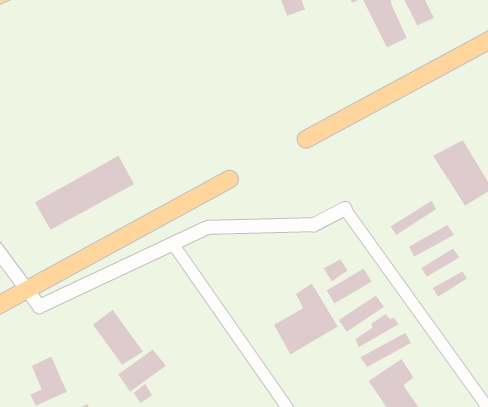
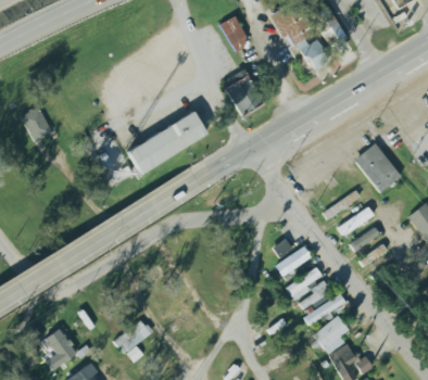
building: none -> [224,71,265,118]
building: none -> [21,105,52,141]
building: [34,155,135,231] -> [126,111,205,174]
building: [273,282,339,356] -> none
building: [92,309,144,366] -> none

